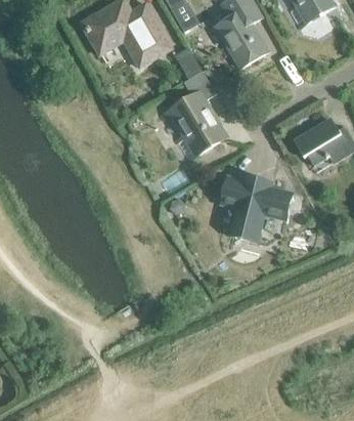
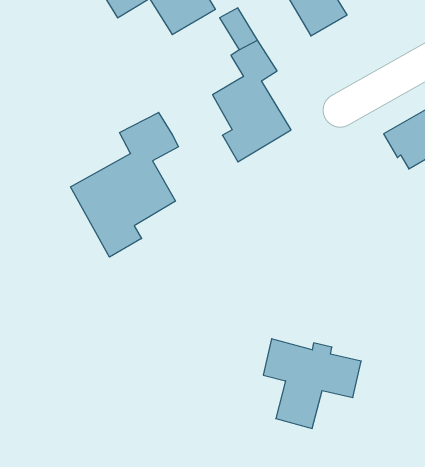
building: none -> [71,112,178,257]
building: [220,176,292,242] -> [263,339,361,428]

